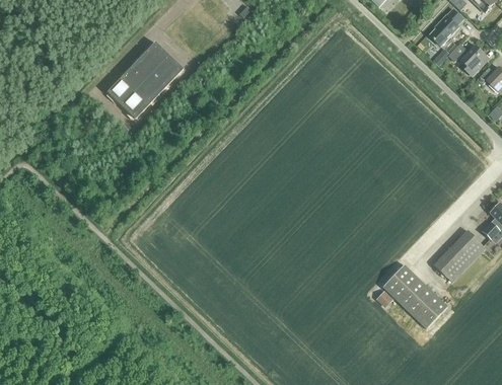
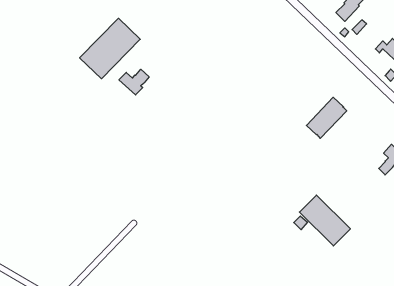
building: [461,45,486,76] -> none
building: none -> [119,69,149,95]
building: [433,229,484,281] -> [306,97,347,138]

